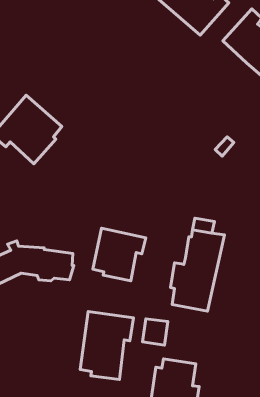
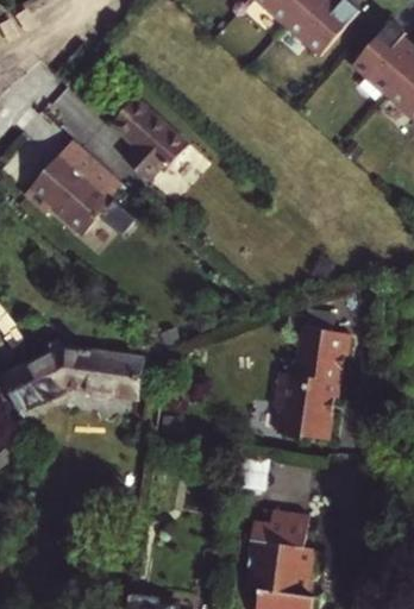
building: none -> [112,99,189,181]
building: [93,228,146,281] -> none
building: [80,311,134,379] -> none

